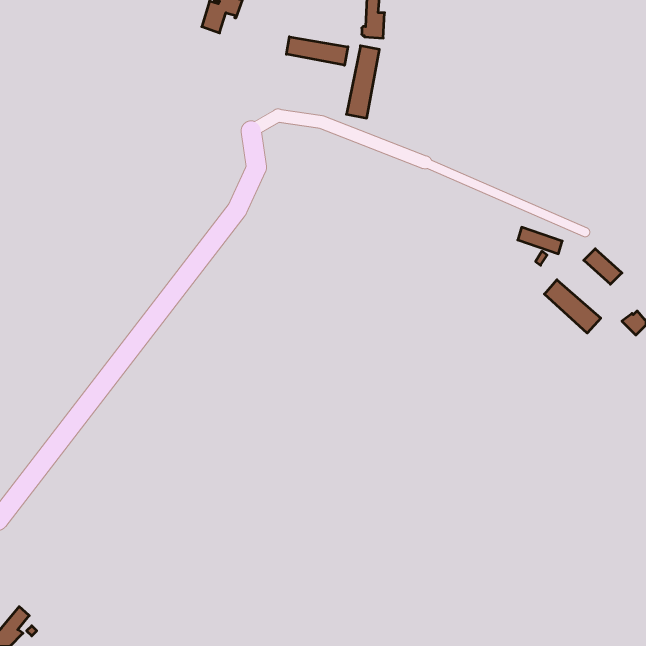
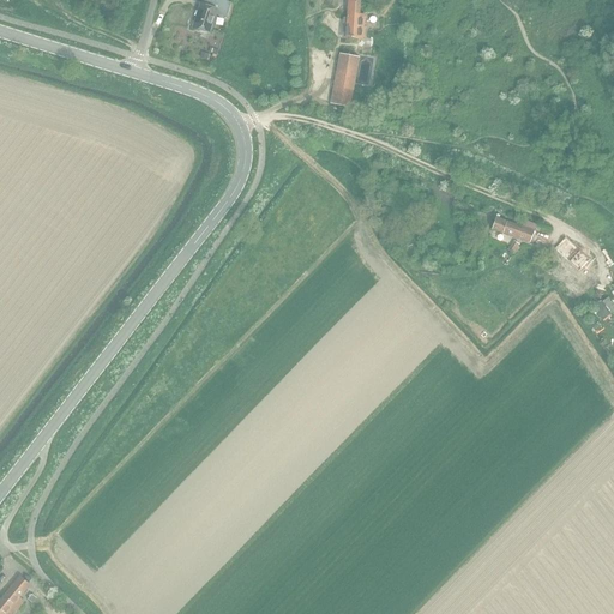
building: [286,37,348,65] -> none
building: [544,280,601,333] -> none

